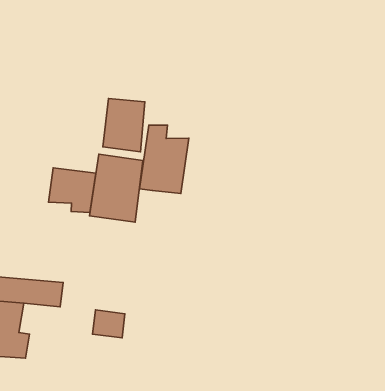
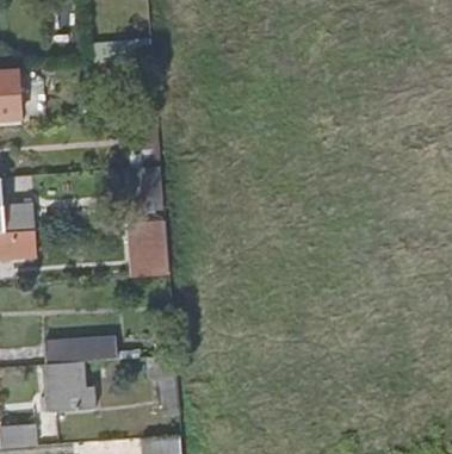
building: [139,125,189,193] -> none
building: [48,168,96,212] -> none

